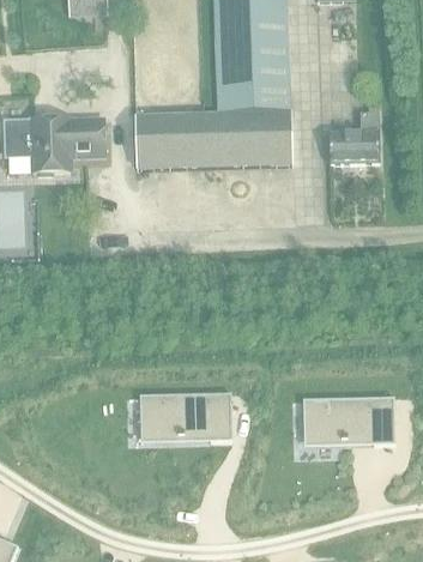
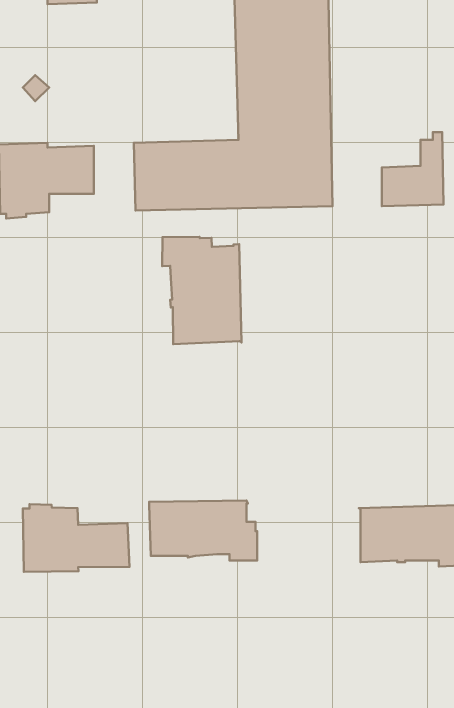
building: none -> [162,237,241,344]
building: none -> [23,504,129,572]

